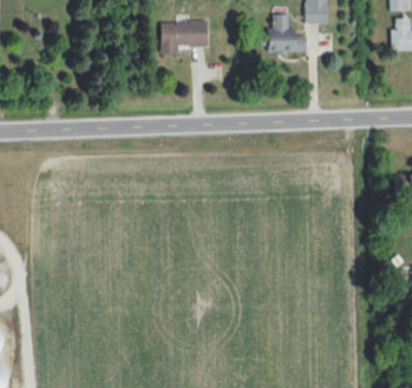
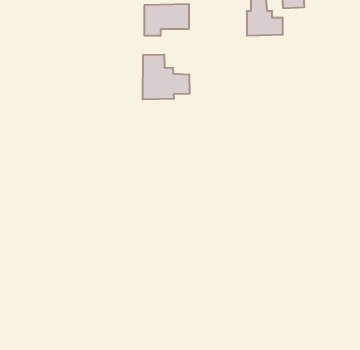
building: none -> [143,54,190,100]

